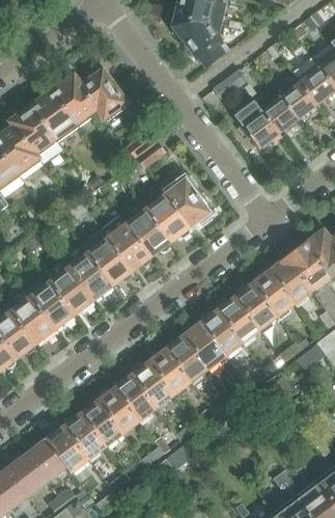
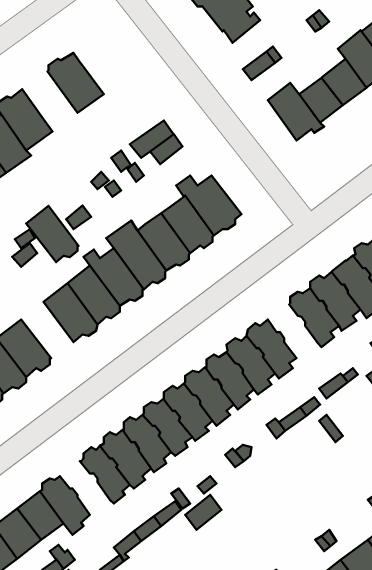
building: [78,72,128,120] -> none
building: [31,91,77,141] -> none
building: [30,282,74,329] -> [26,206,79,262]
building: [234,284,276,333] -> none
building: [62,414,104,463] -> none

